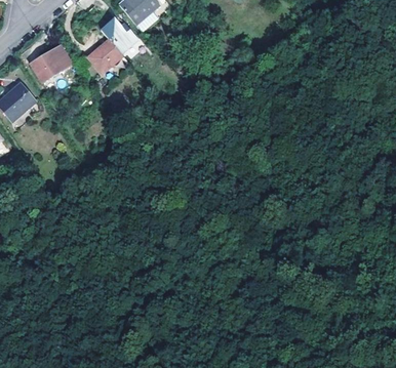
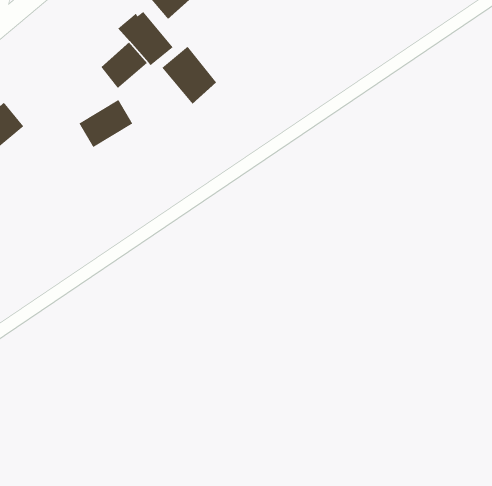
building: none -> [161,46,217,104]
building: [31,46,70,81] -> [79,99,133,148]

